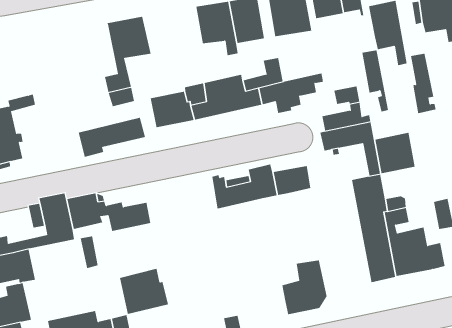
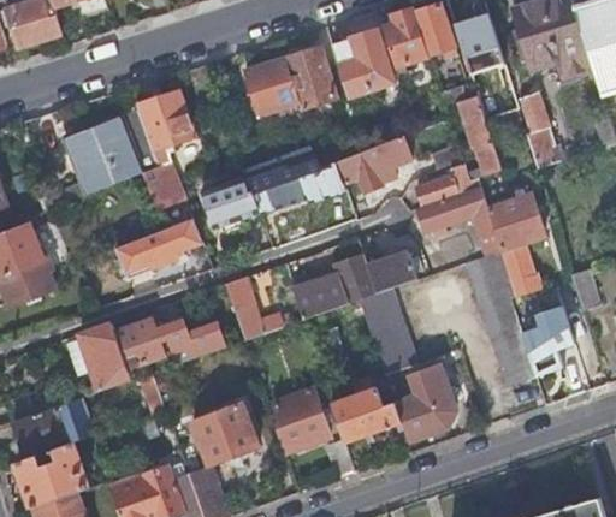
building: none -> [47,106,158,207]
building: none -> [226,277,283,338]
building: none -> [359,287,417,373]
building: none -> [331,376,402,441]
building: none -> [274,388,330,450]

